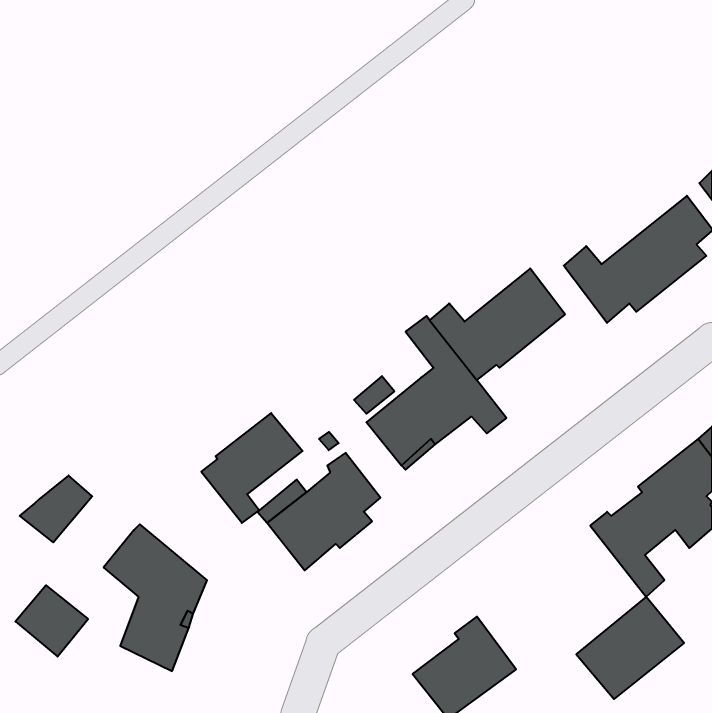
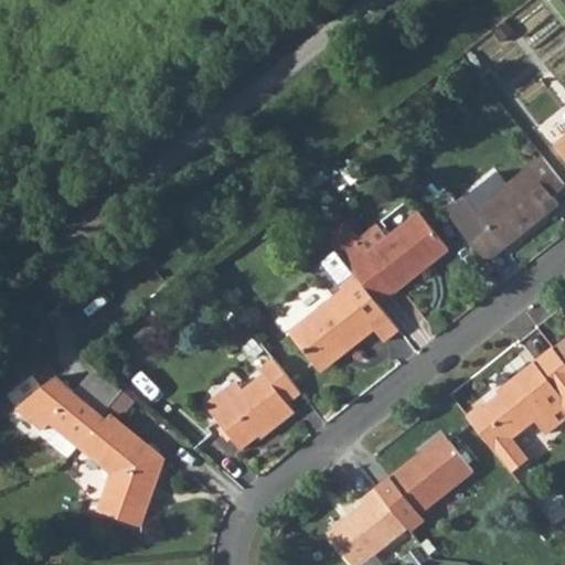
building: [201,413,303,523] -> none
building: [15,585,88,657] -> [49,393,106,449]
building: [576,597,684,699] -> [387,434,472,514]

